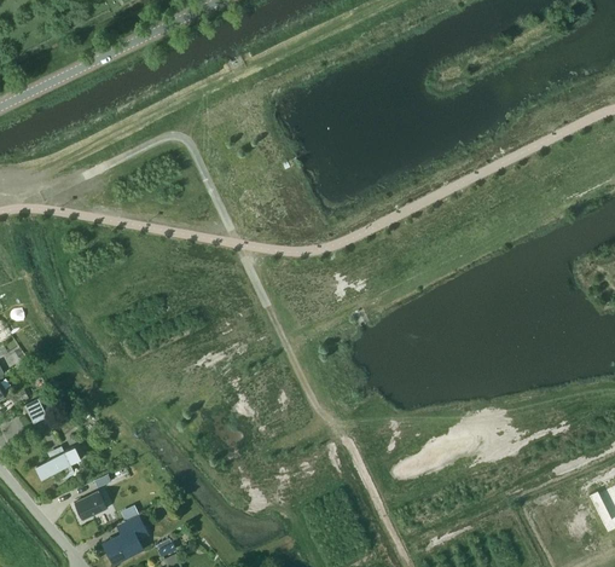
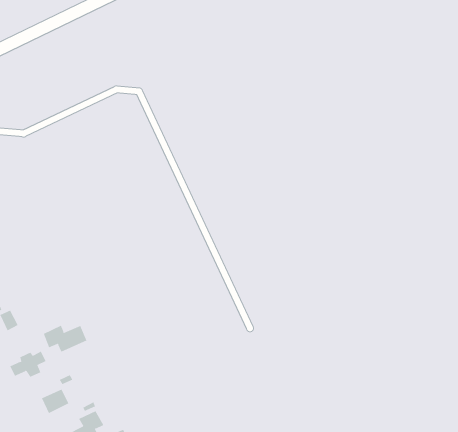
building: none -> [43,325,87,352]

